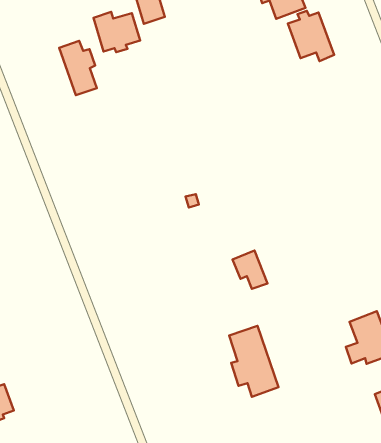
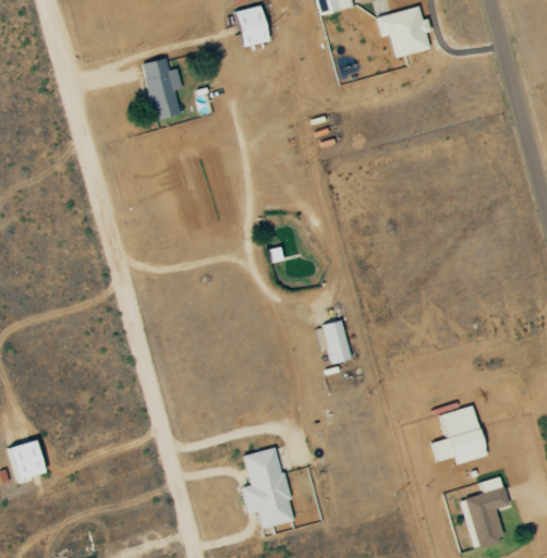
building: [288,11,334,61] -> none
building: [94,12,140,52] -> none
building: [229,326,278,397] -> [243,447,294,527]

